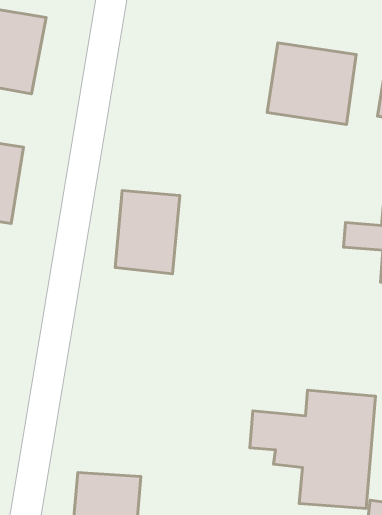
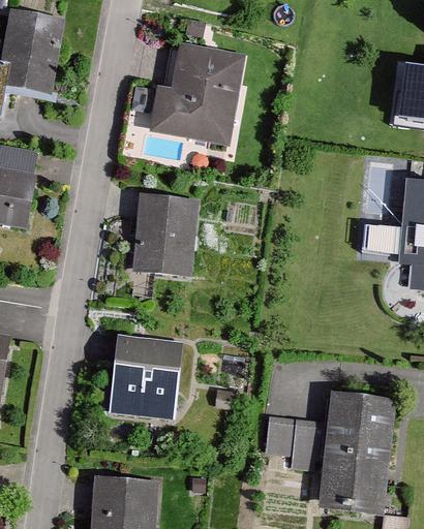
building: none -> [152,38,246,137]
building: [267,43,356,124] -> none
building: none -> [107,335,179,417]

